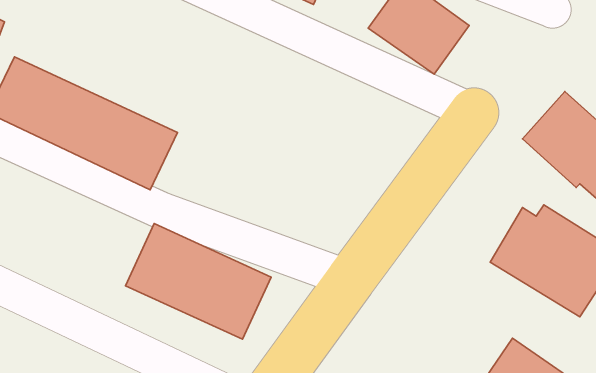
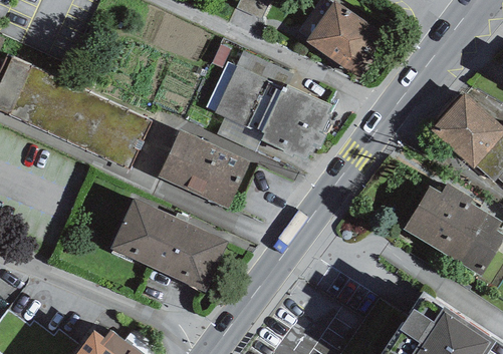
building: none -> [205,50,331,160]
building: none -> [157,129,249,210]

